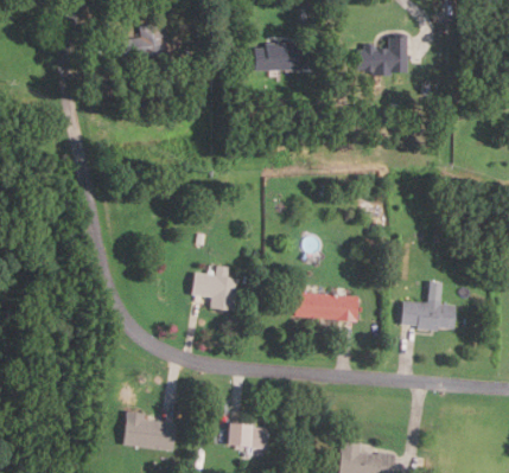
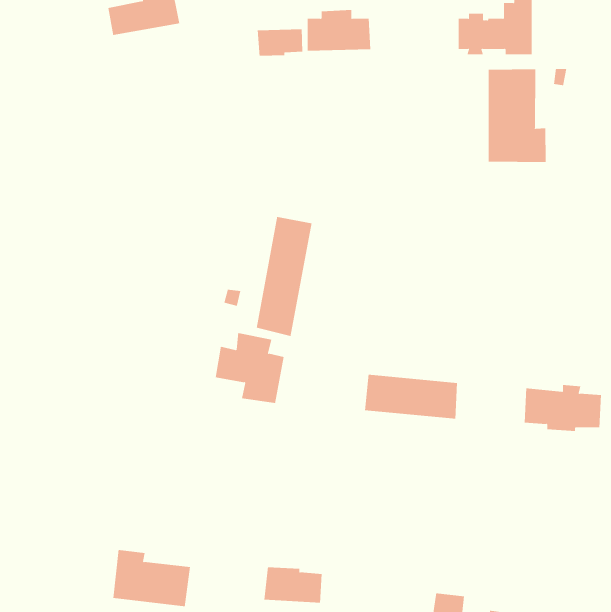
building: none -> [257,29,303,56]
building: none -> [488,69,546,163]
building: none -> [256,216,312,337]

